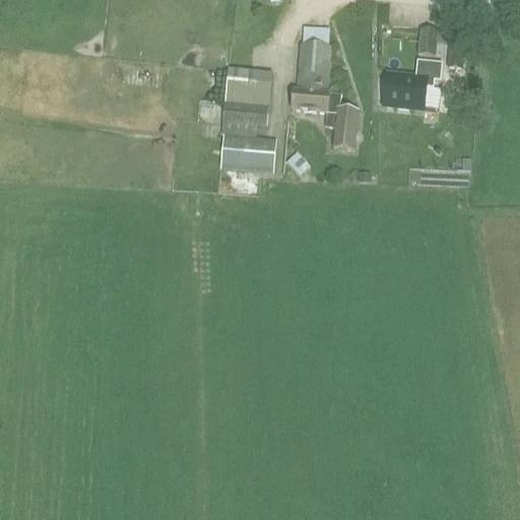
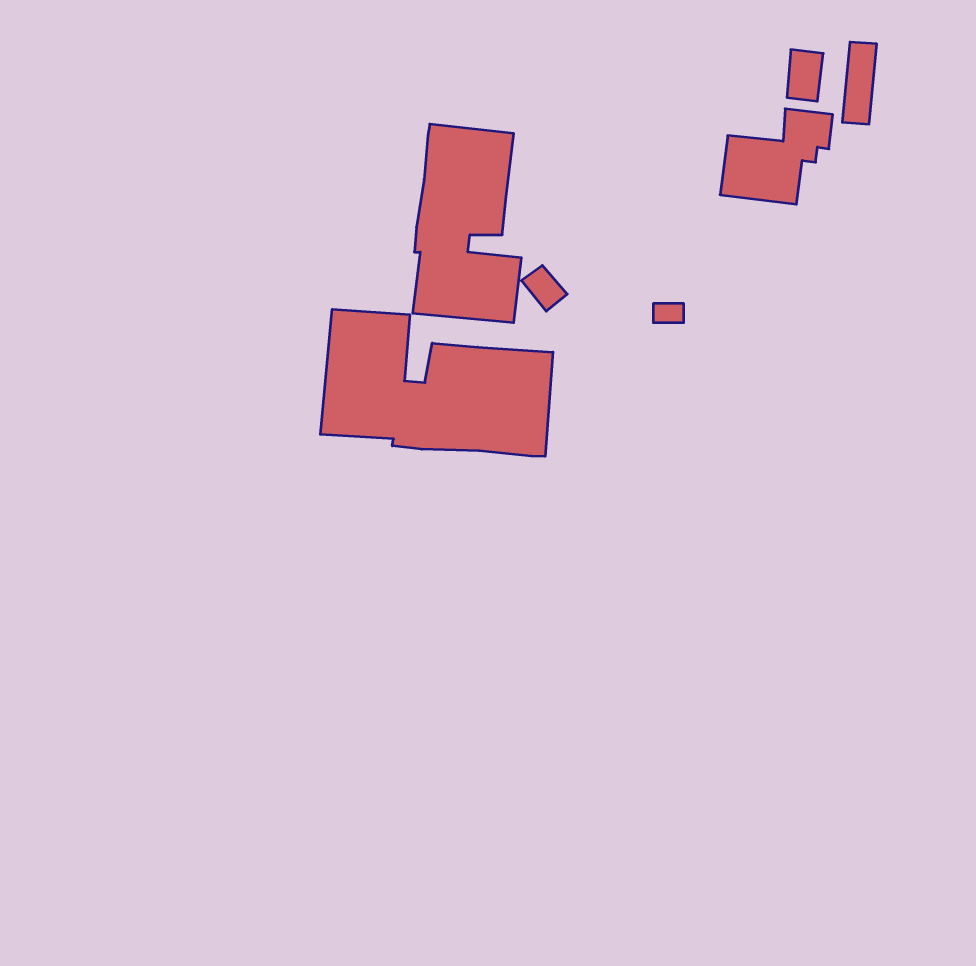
building: [291,24,358,148] -> none
building: none -> [320,309,553,456]

